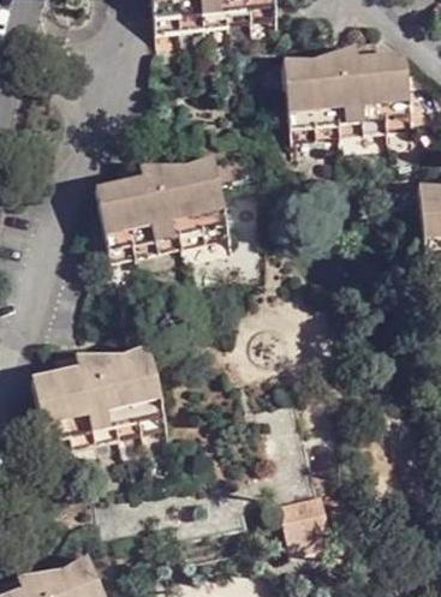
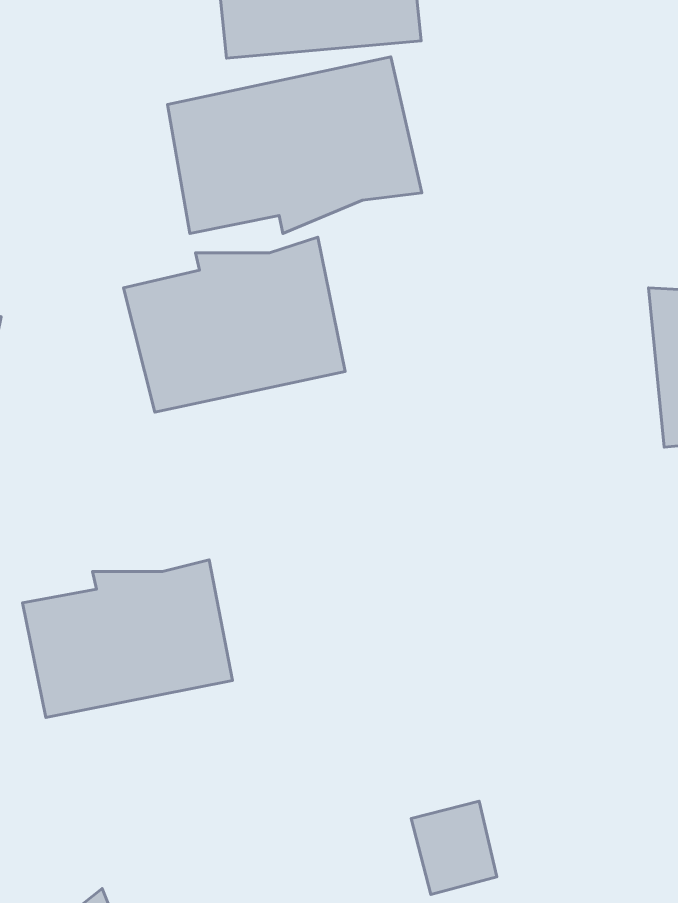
building: none -> [167,57,422,233]
building: [284,38,412,148] -> none

